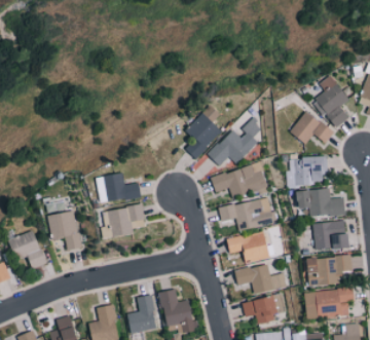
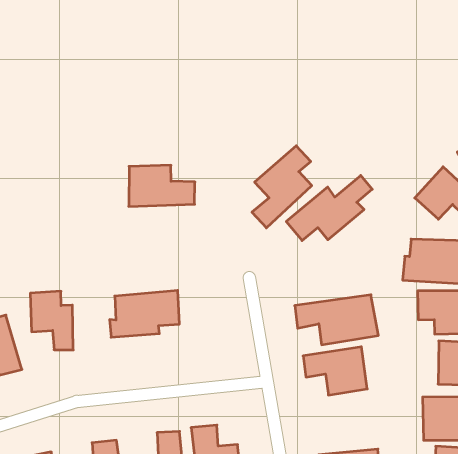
building: [211,161,267,198] -> none
building: [97,174,141,202] -> [129,165,195,206]
building: [235,264,287,294] -> none

